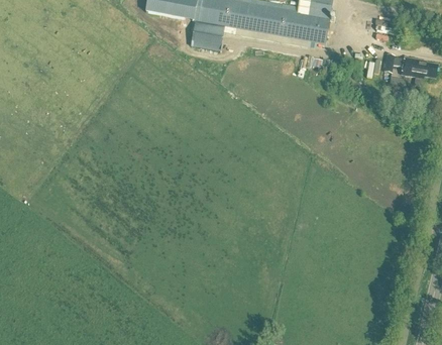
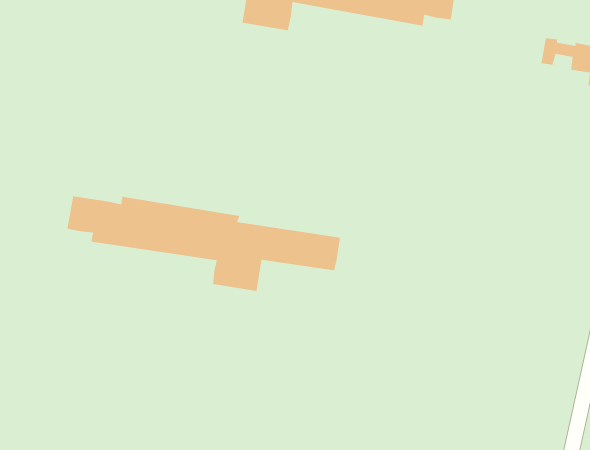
building: none -> [66,195,341,292]

